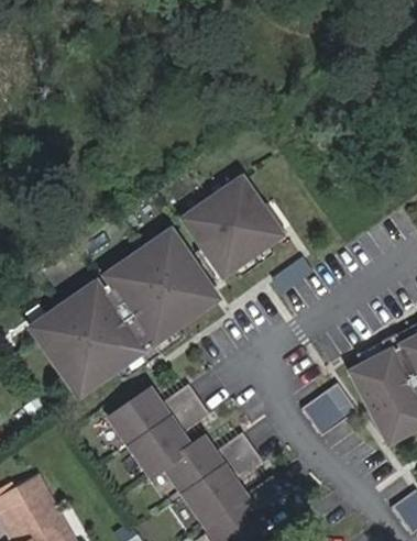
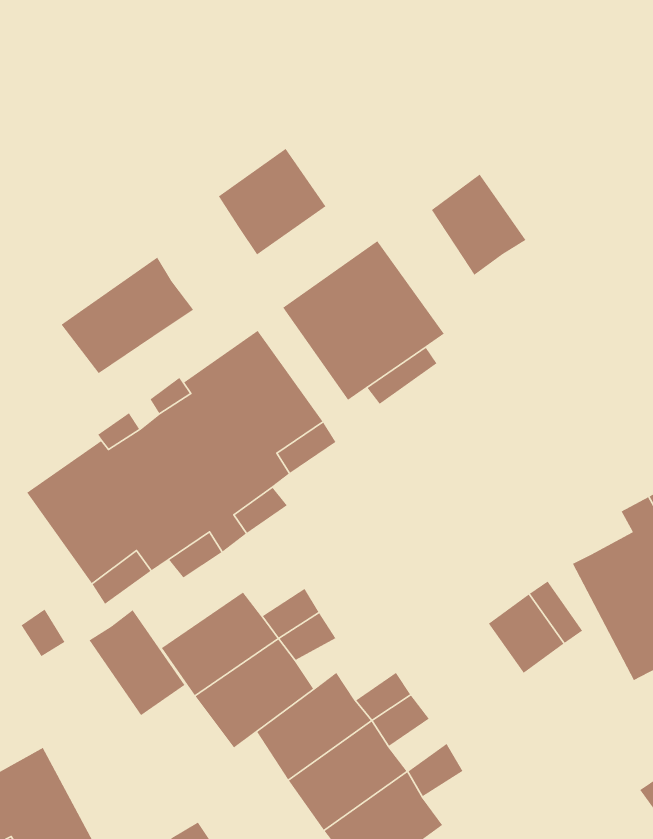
building: none -> [218,148,327,255]
building: none -> [431,173,527,276]
building: none -> [61,256,194,374]
building: none -> [88,609,185,716]

